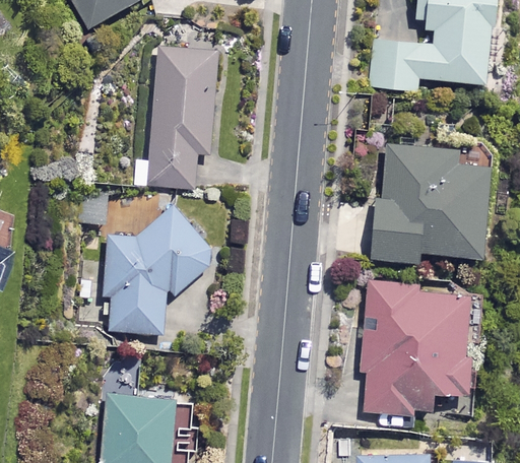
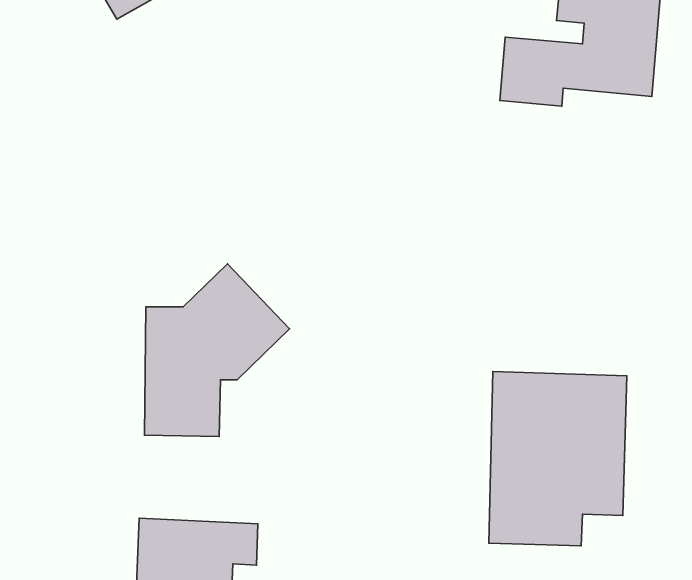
building: [137,48,218,189] -> none
building: [370,144,484,260] -> none

